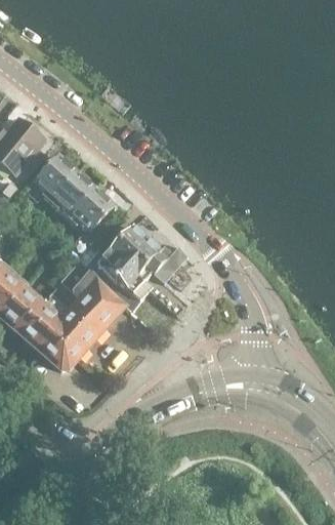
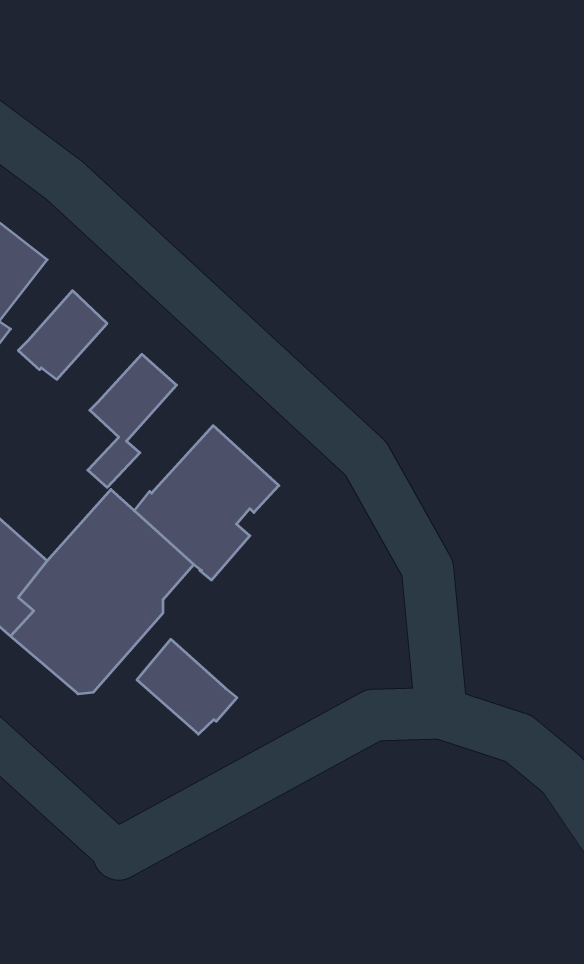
building: [50,172,95,218] -> none
building: none -> [137,639,237,734]

